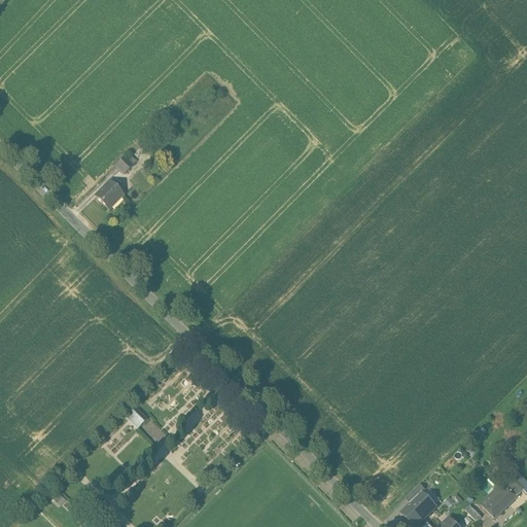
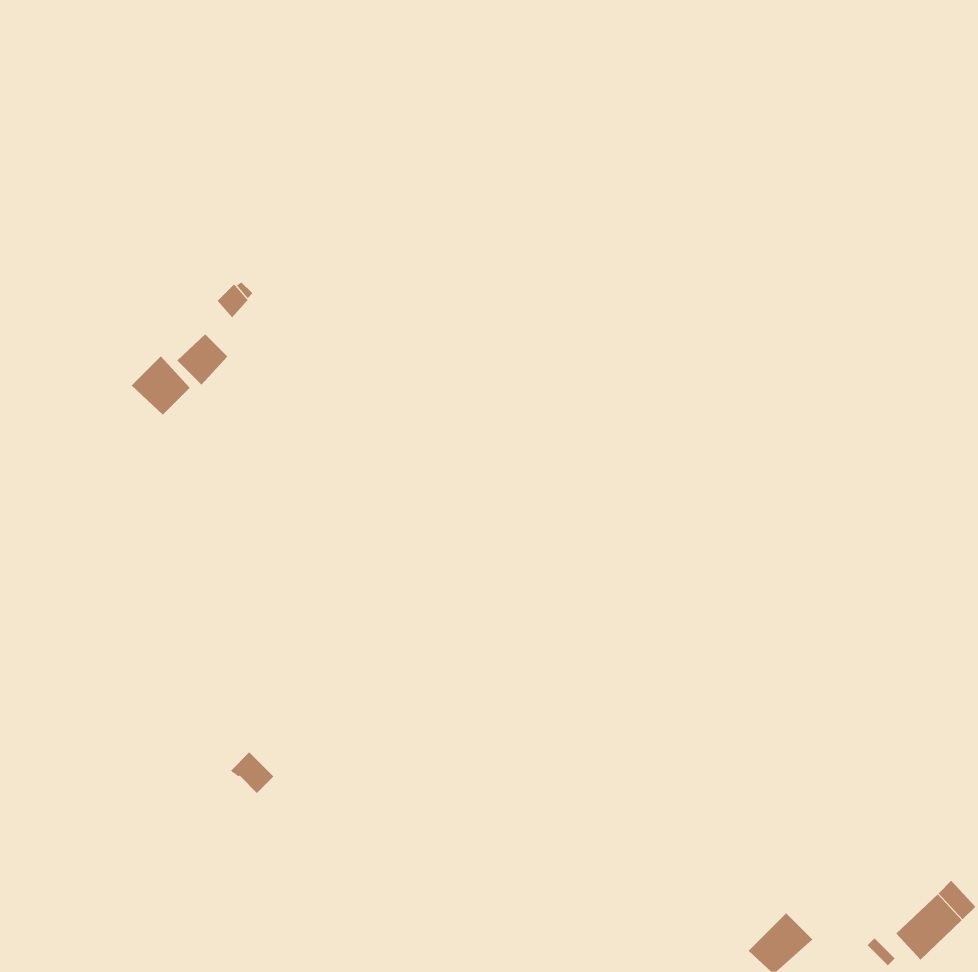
building: none -> [131,355,191,415]

